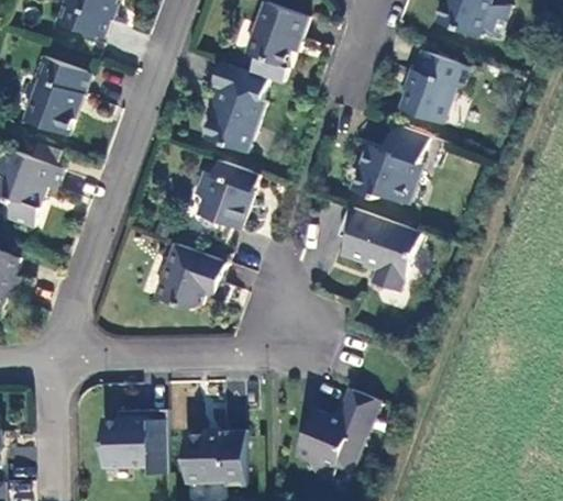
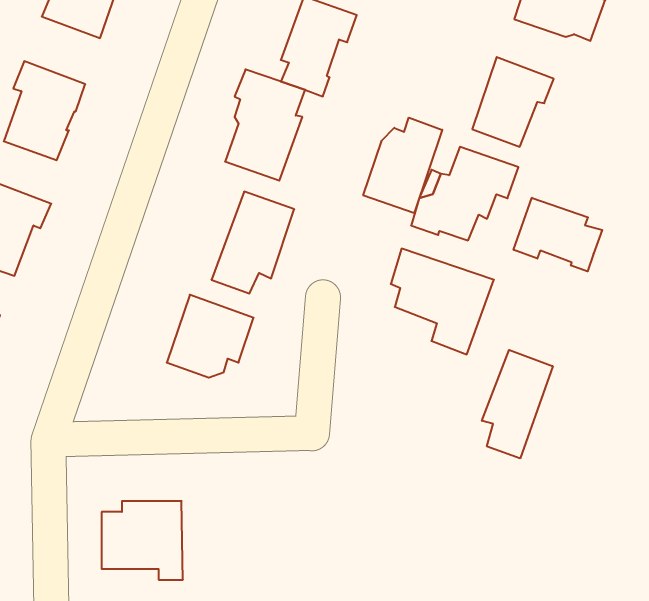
building: none -> [363,118,442,213]
building: none -> [514,198,602,271]
building: none -> [482,350,553,458]
building: [298,389,382,481] -> none
building: [185,428,246,485] -> none

